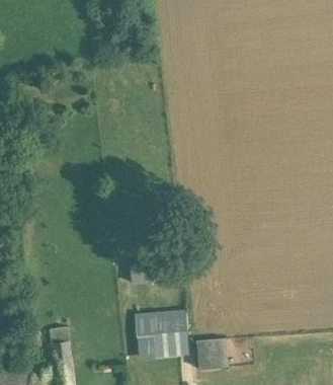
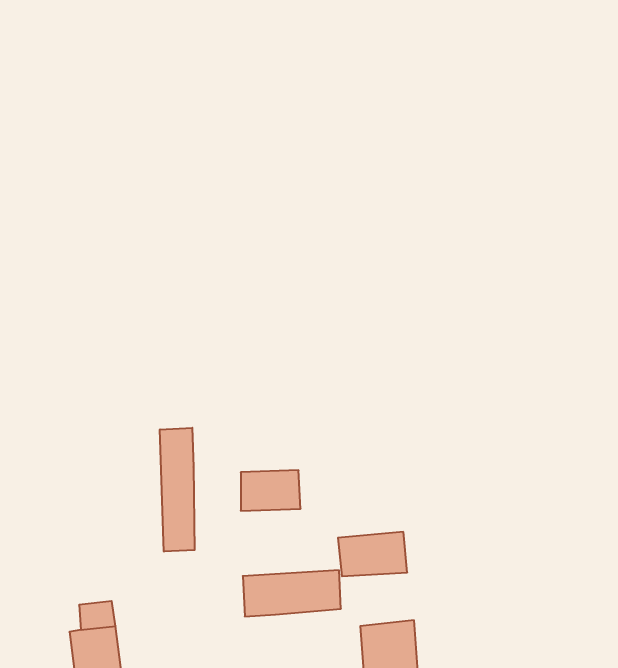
building: none -> [160,428,195,552]
building: [151,331,187,355] -> [338,532,407,576]

